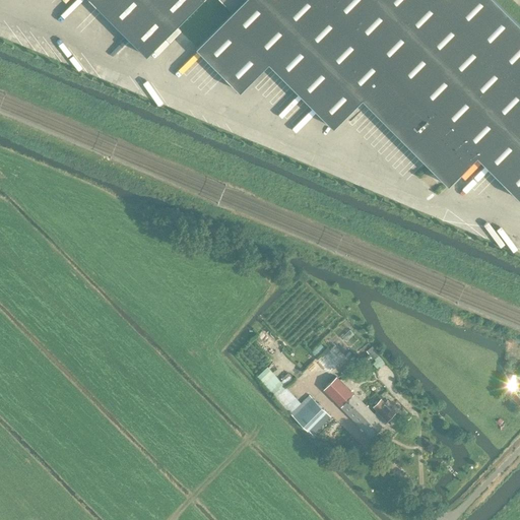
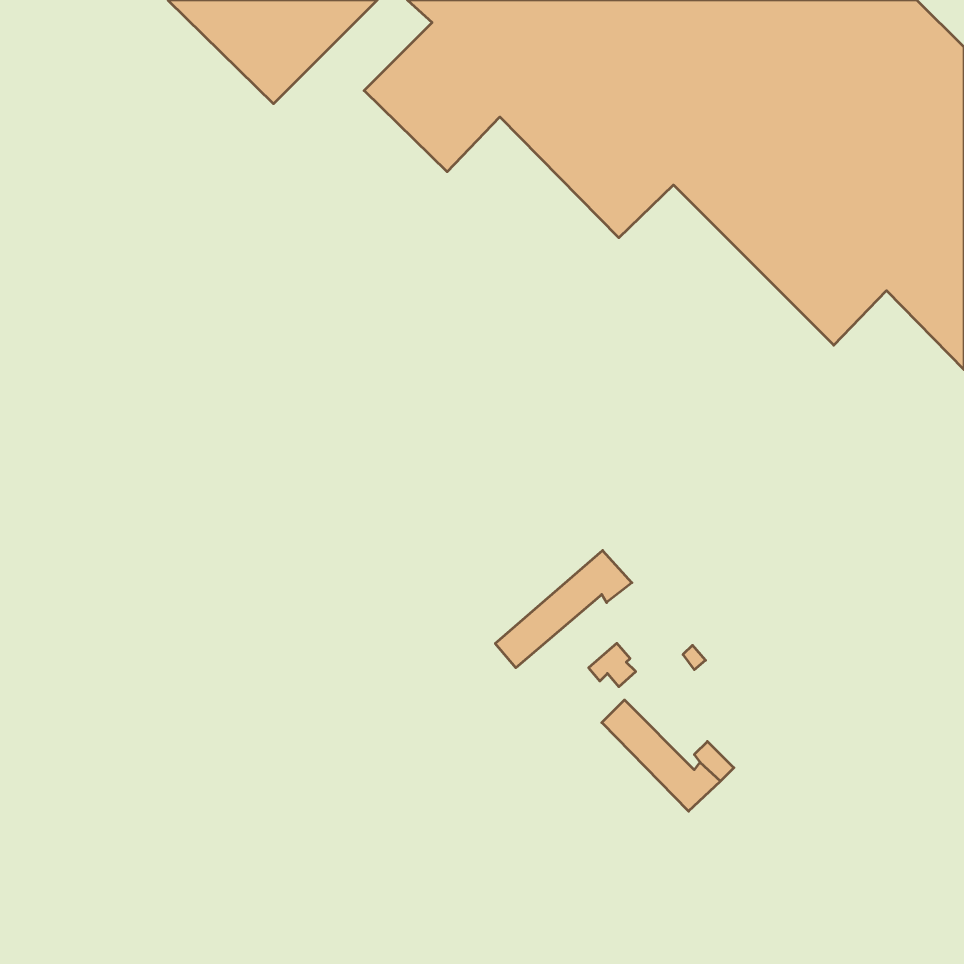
building: none -> [495,550,632,668]
building: [292,397,327,432] -> none

